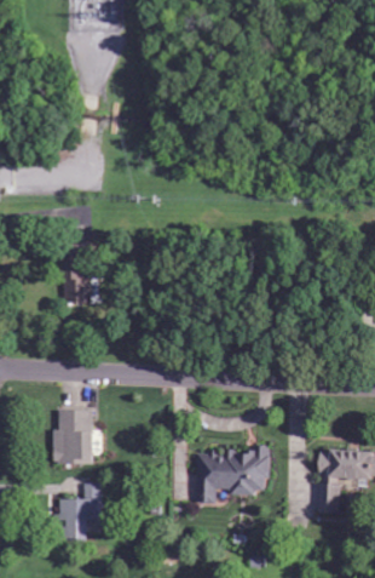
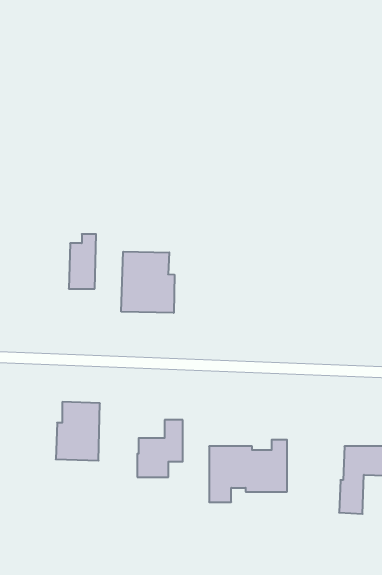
building: none -> [121,252,174,313]
building: [58,482,100,536] -> [137,420,183,477]

